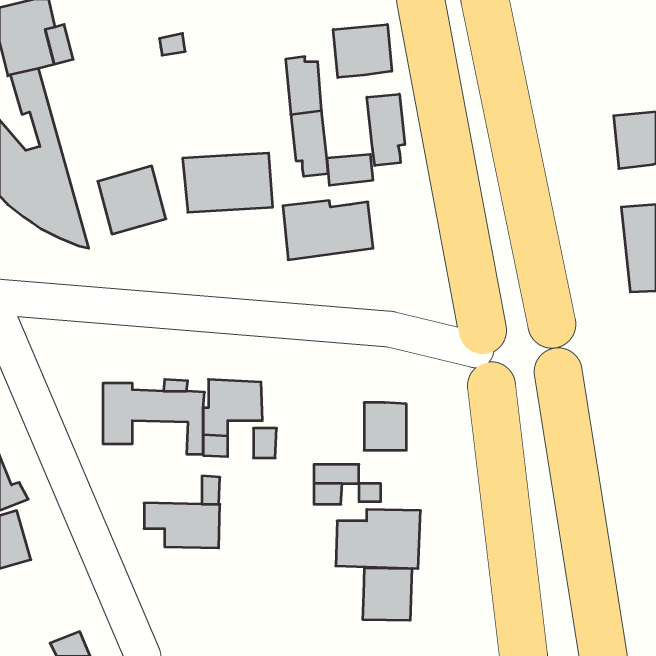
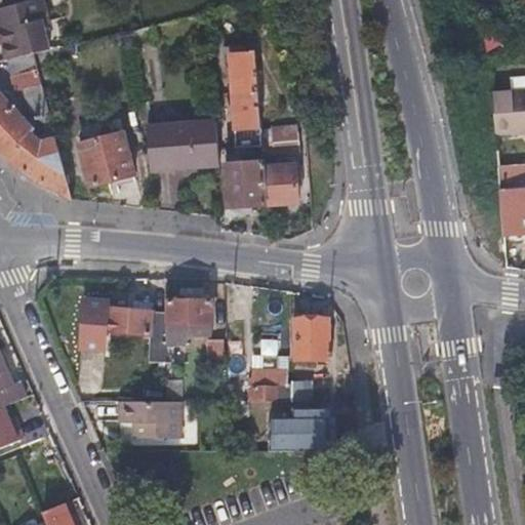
building: [333,24,392,78] -> none
building: [367,94,405,166] -> none
building: [363,568,412,620] -> none

